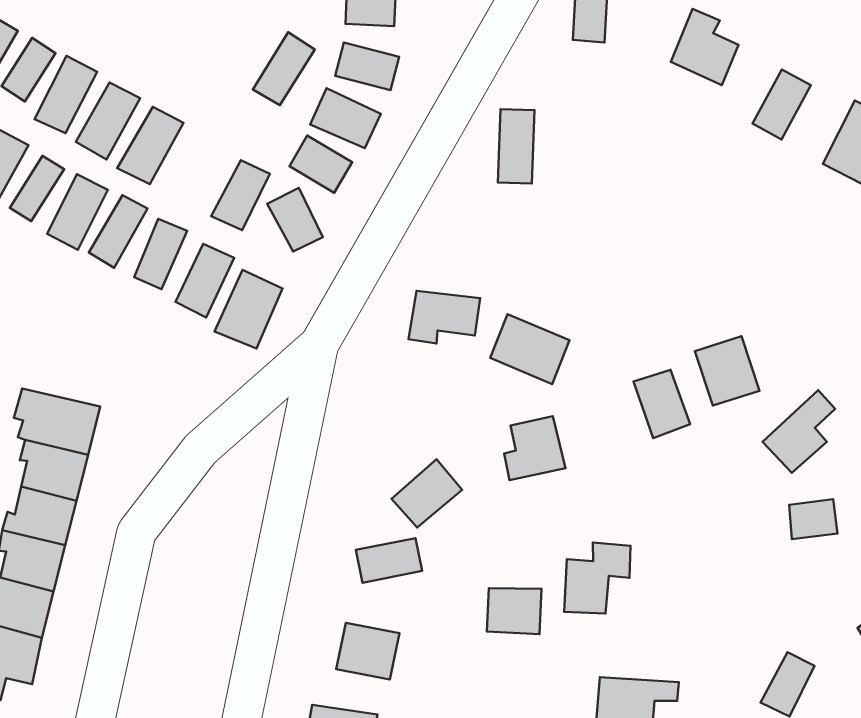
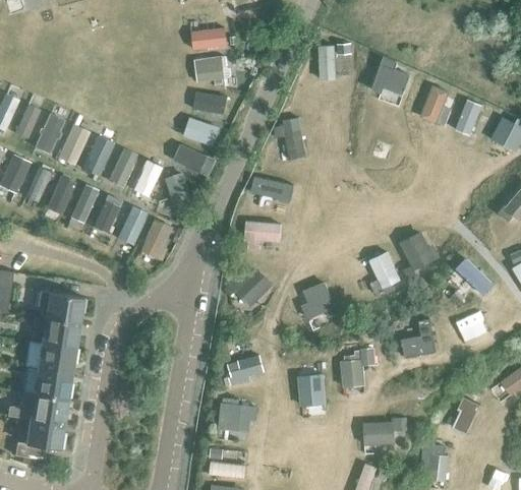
building: [253,32,315,105] -> [108,147,139,187]
building: [490,314,569,384] -> [248,176,290,211]
building: [391,459,462,527] -> [235,269,273,307]
building: none -> [401,319,437,357]

